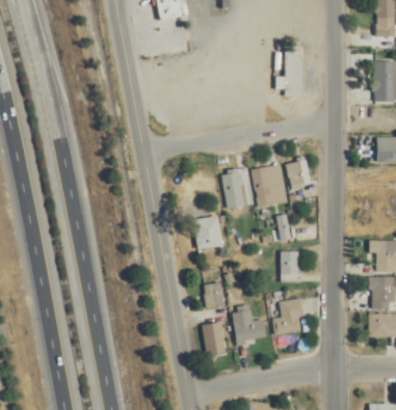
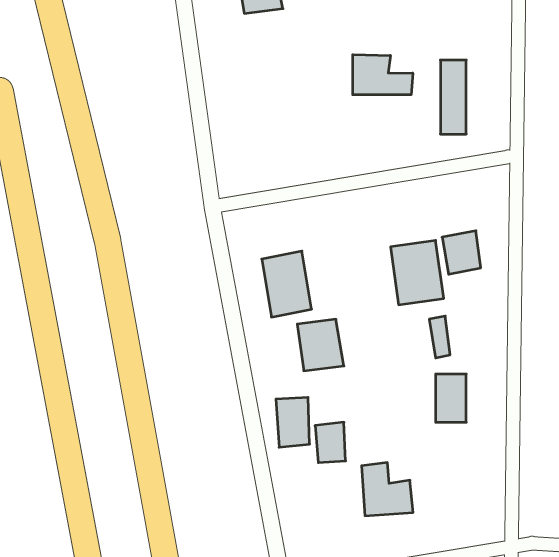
building: none -> [353,55,413,95]
building: [221,166,254,209] -> [262,251,312,317]
building: [271,297,305,333] -> none
building: [203,321,225,353] -> [276,397,310,447]

